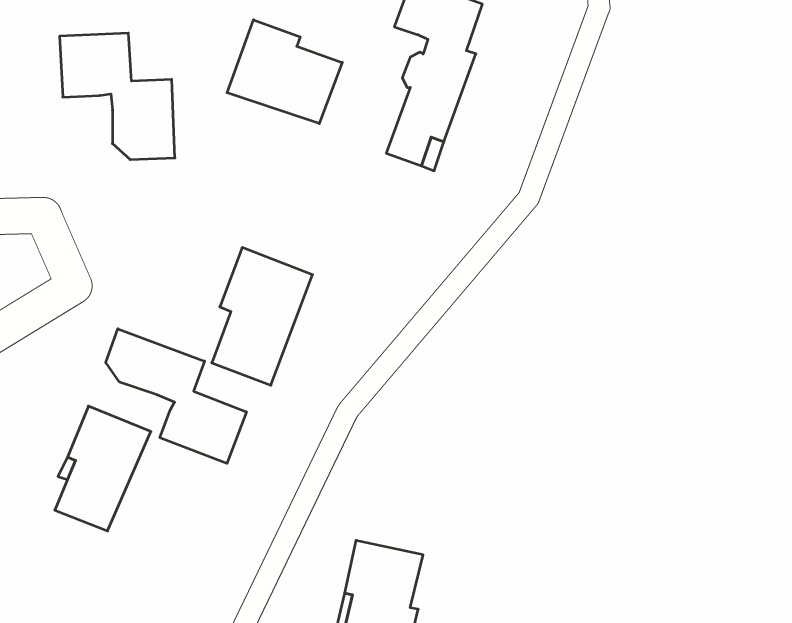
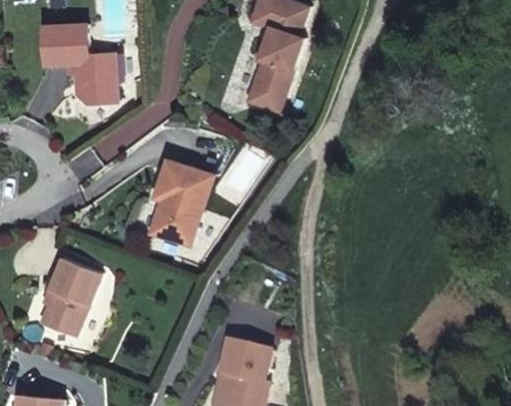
building: [227,20,342,124] -> none
building: [106,329,246,463] -> none

